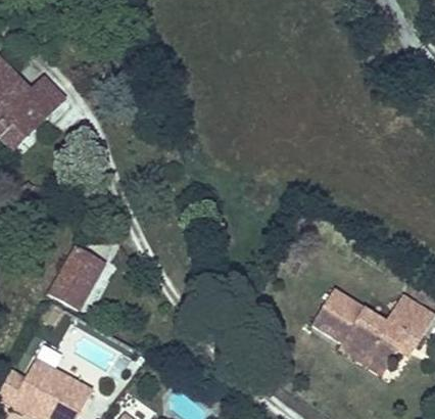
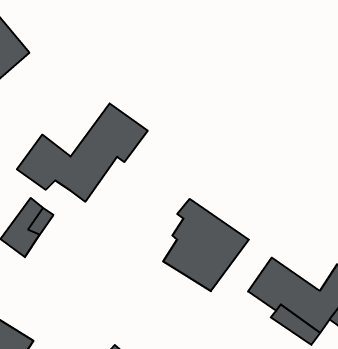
building: none -> [17,103,148,202]
building: none -> [163,199,249,291]

